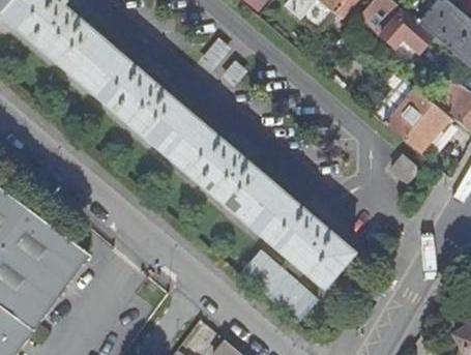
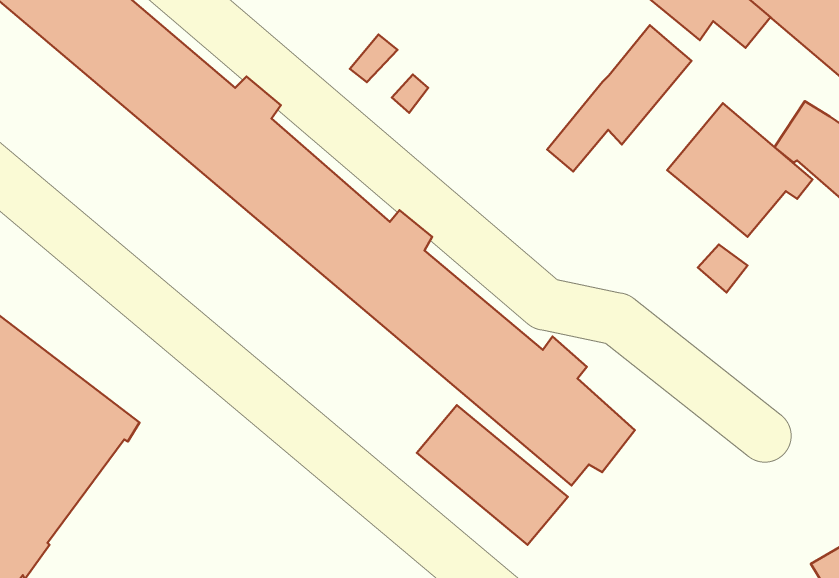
building: none -> [547,25,692,172]

